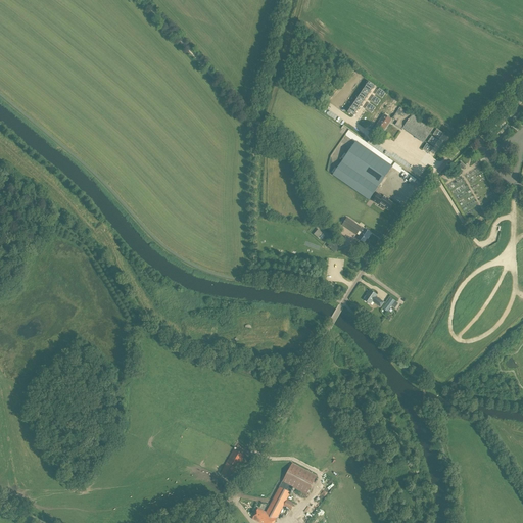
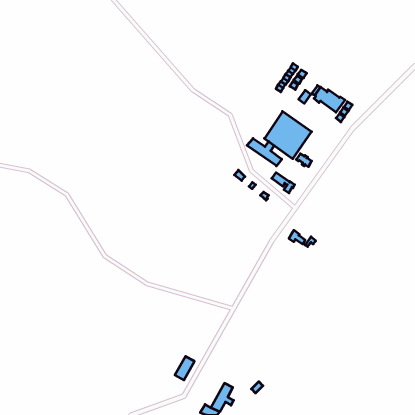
building: none -> [247,138,282,166]
building: [282,462,316,493] -> none

